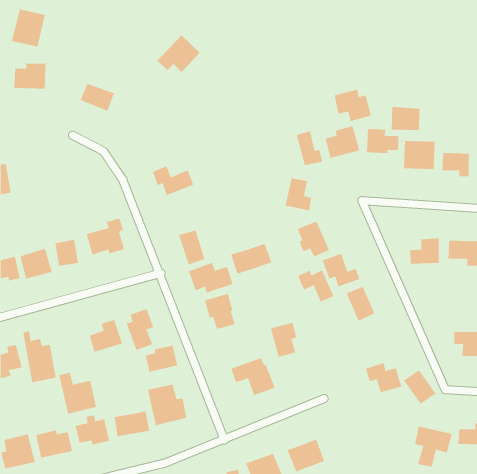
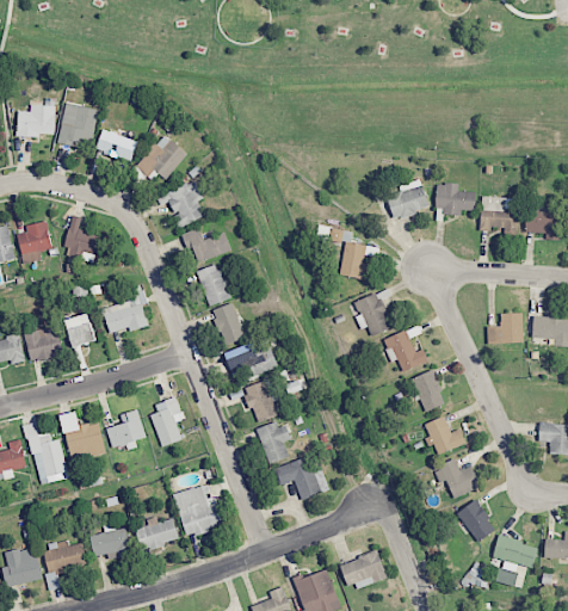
building: [11,9,45,47] -> [57,103,98,148]
building: [156,35,201,73] -> [135,134,187,179]
building: [334,89,372,122] -> none
building: [391,106,420,131] -> none
building: none -> [166,179,205,229]
building: [296,130,323,166] -> none
building: none -> [64,215,105,259]
building: none -> [18,222,51,263]
building: none -> [196,263,231,306]
building: [231,243,272,275] -> none
building: [297,270,334,303] -> none
building: [270,322,297,357] -> [258,421,290,463]
building: none -> [425,416,465,455]
building: [145,345,178,372] -> none
building: [403,369,436,405] -> [457,500,496,542]
building: [59,372,97,414] -> [61,412,106,462]

